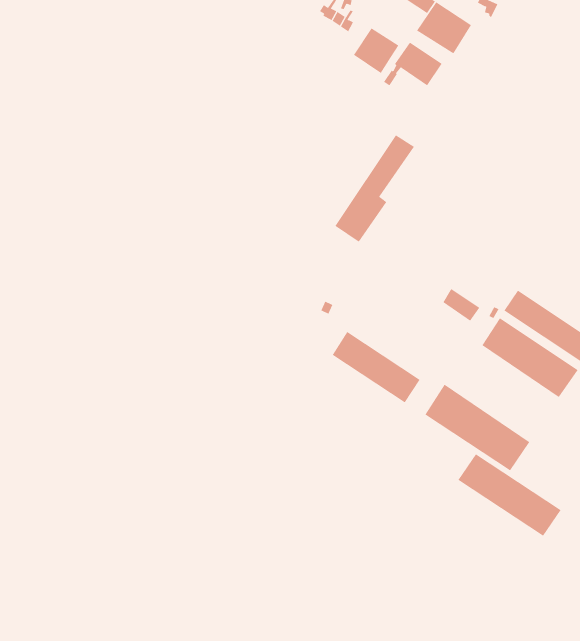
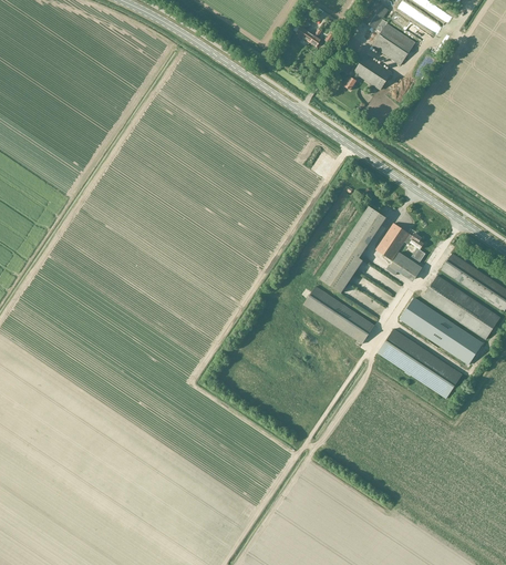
building: [353,28,399,74] -> none
building: [334,134,415,242] -> [320,206,384,292]
building: none -> [375,223,426,261]
building: [457,453,561,537] -> [400,298,483,364]

